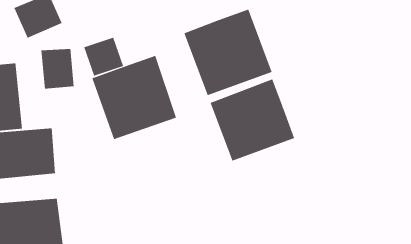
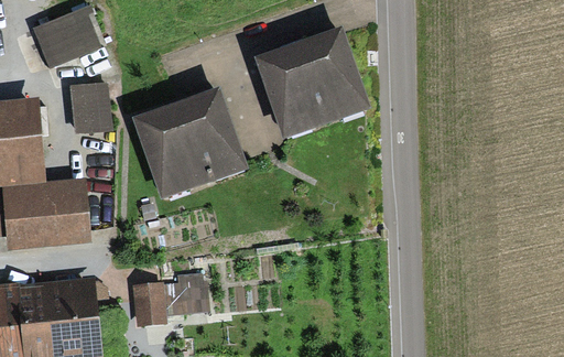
building: [83,37,124,76] -> none
building: [210,78,295,162] -> none
building: none -> [134,272,208,326]

